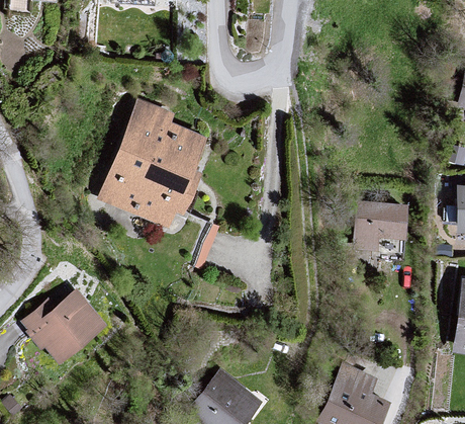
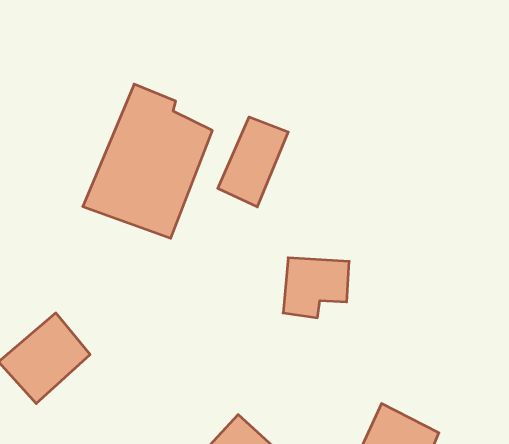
building: none -> [218,117,288,207]
building: [351,203,405,253] -> [283,258,349,318]

